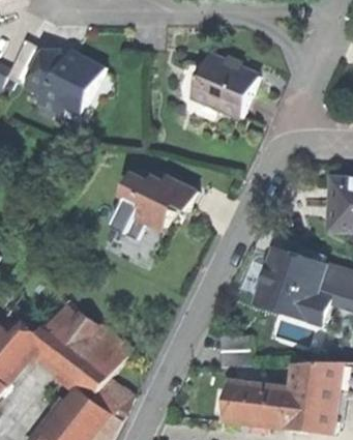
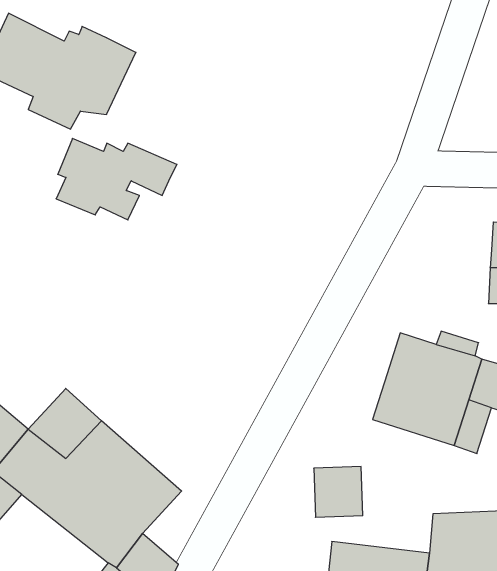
building: [189,54,257,117] -> none
building: [117,175,194,227] -> [56,138,177,220]

